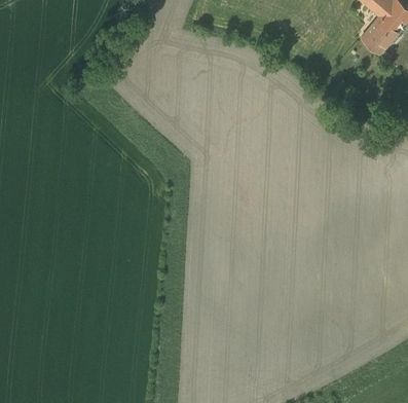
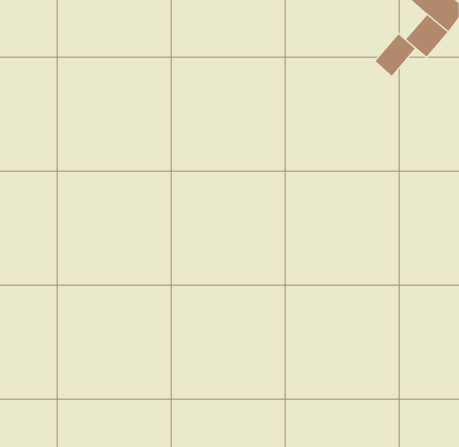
building: none -> [375,33,416,76]

